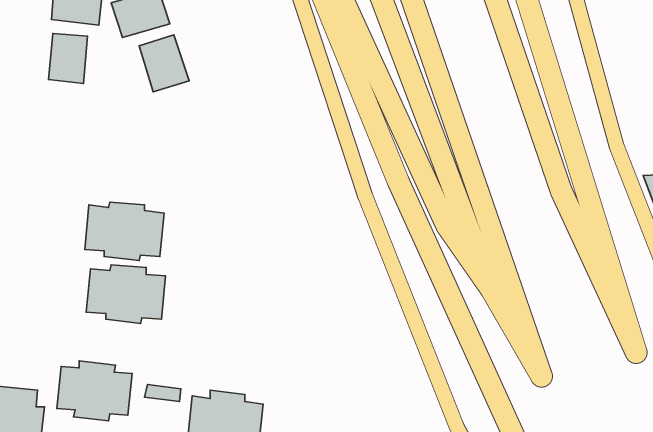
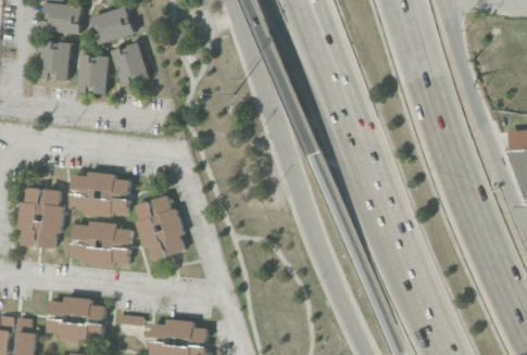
building: none -> [76,53,108,93]
building: none -> [17,187,63,249]
building: none -> [133,194,184,262]

